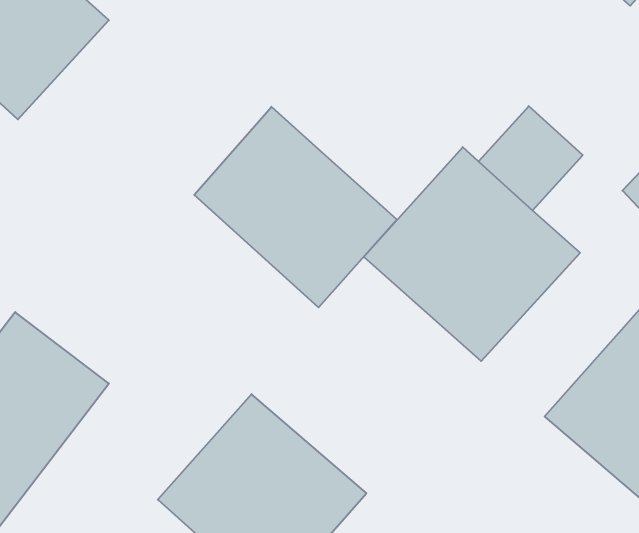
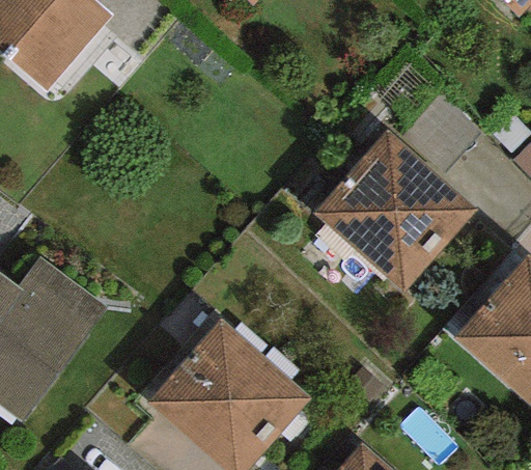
building: [194,107,397,307] -> none

